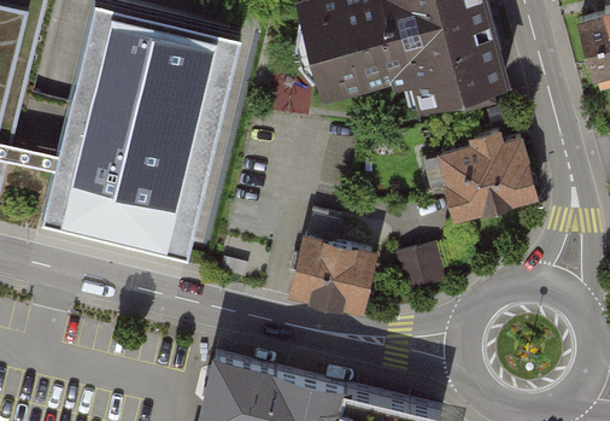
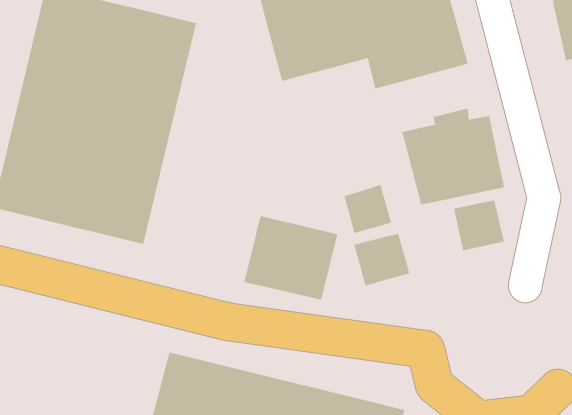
building: none -> [344,184,392,234]
building: none -> [454,200,505,251]

